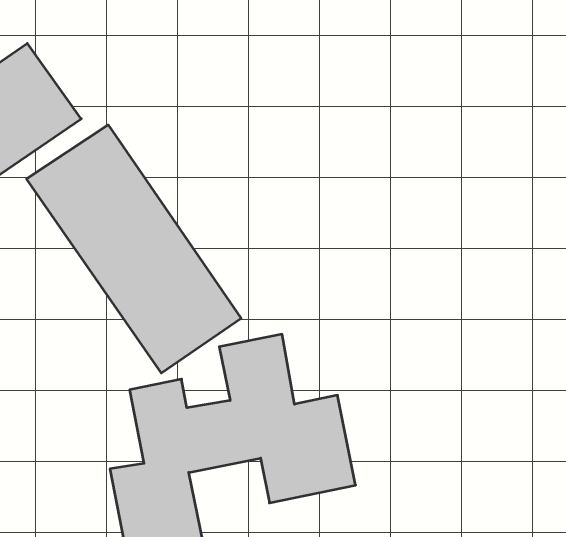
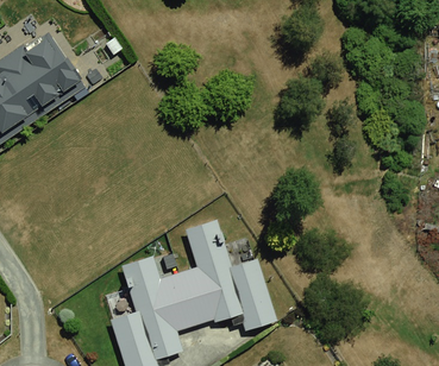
building: [27,125,241,373] -> none

